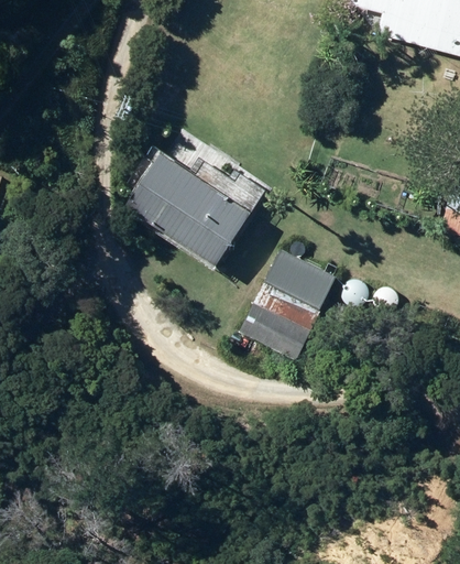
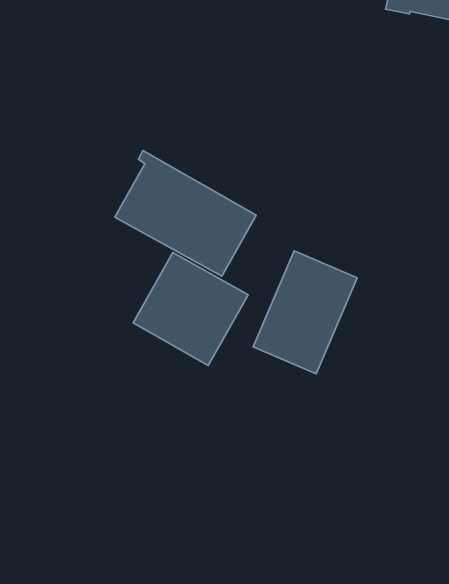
building: none -> [133,252,248,365]

